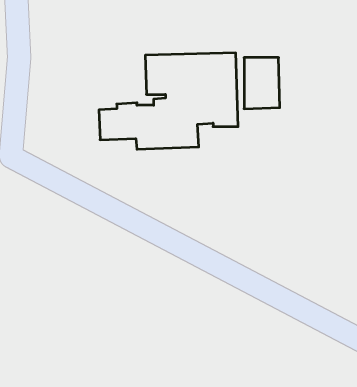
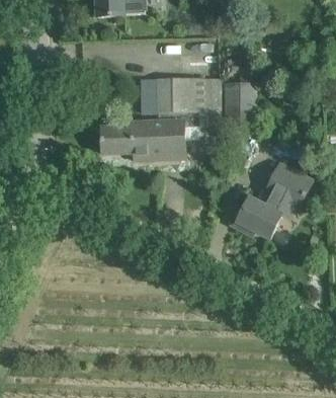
building: none -> [230,162,314,238]

